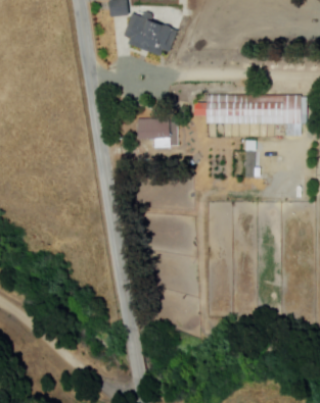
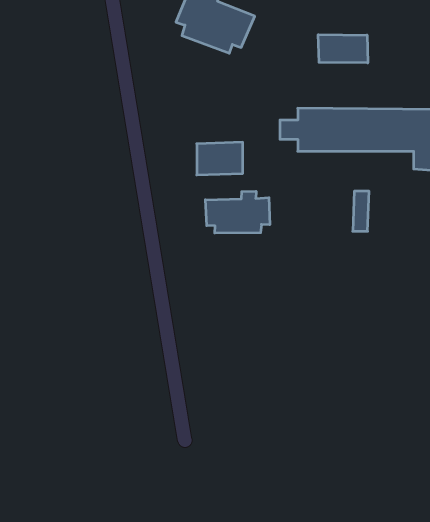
building: none -> [318,35,368,63]
building: none -> [205,191,270,233]

